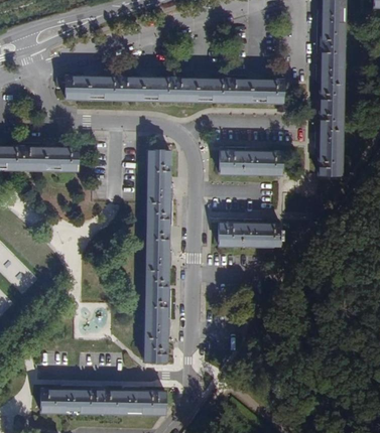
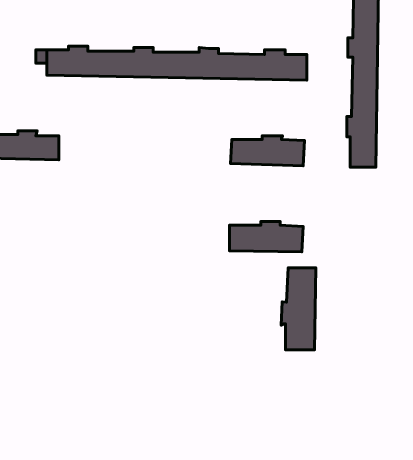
building: [145,150,172,360] -> none
building: none -> [281,268,316,350]
building: [40,387,165,413] -> none

